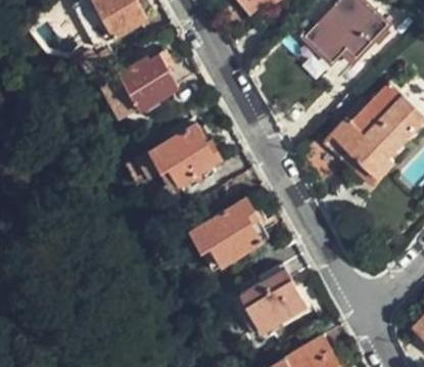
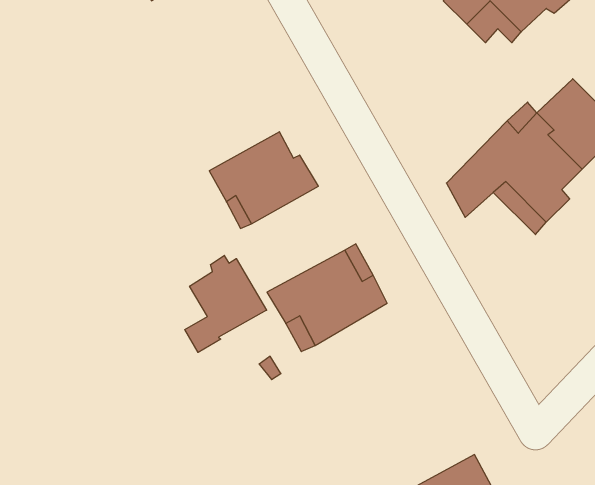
building: [119,51,178,106] -> none
building: none -> [185,255,267,352]
building: [240,264,305,331] -> none

